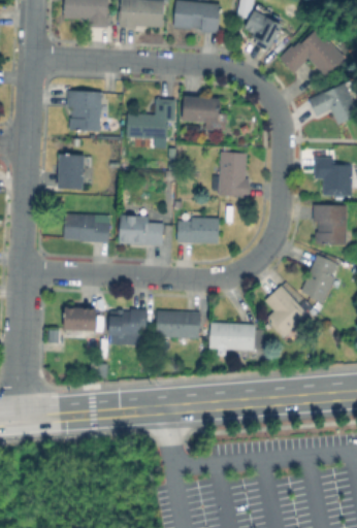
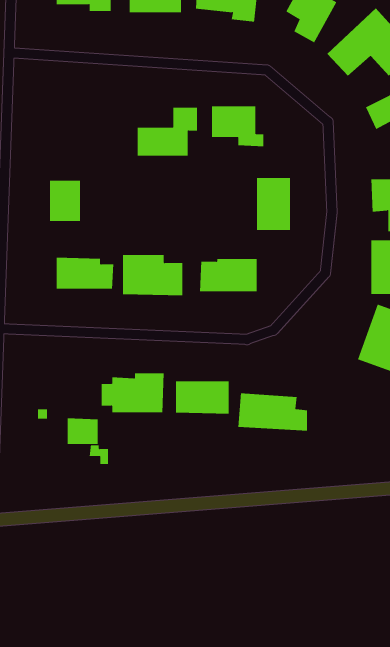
building: [71,94,100,130] -> none
building: [261,283,306,335] -> none
building: [69,309,94,330] -> [67,418,99,444]

